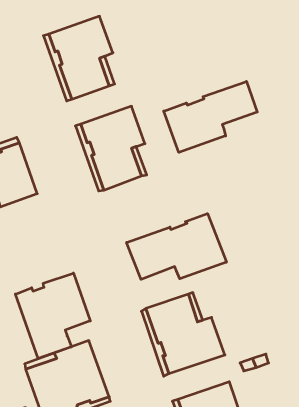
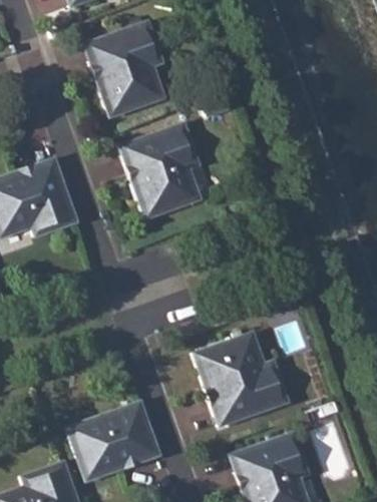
building: [164,81,257,152] -> none
building: [127,214,226,279] -> none
building: [15,273,90,359] -> none

